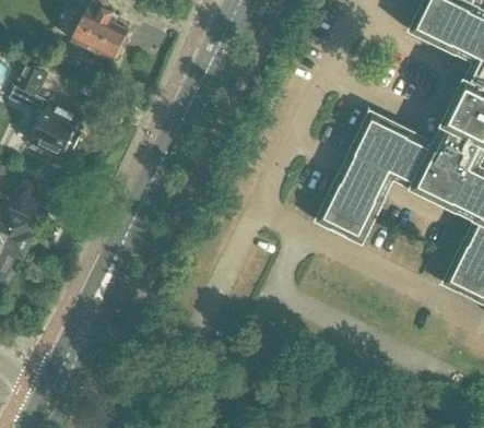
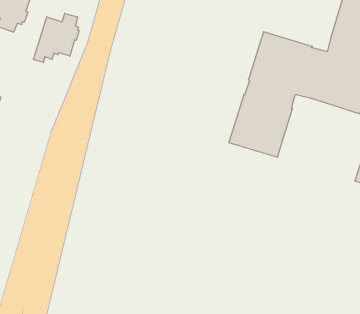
building: none -> [33,13,79,62]

